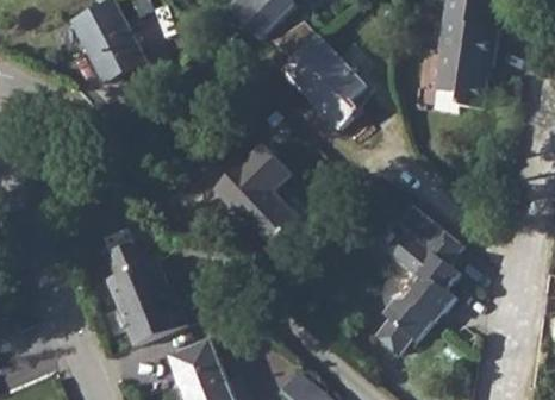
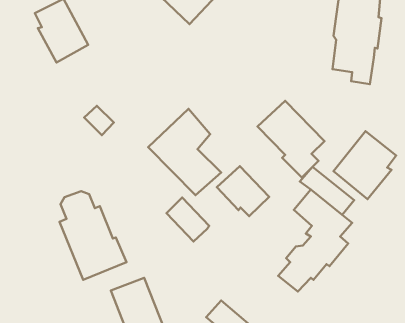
building: [282,36,363,129] -> [257,101,324,178]
building: none -> [334,131,396,199]
building: none -> [217,166,269,216]
building: none -> [167,198,209,241]

